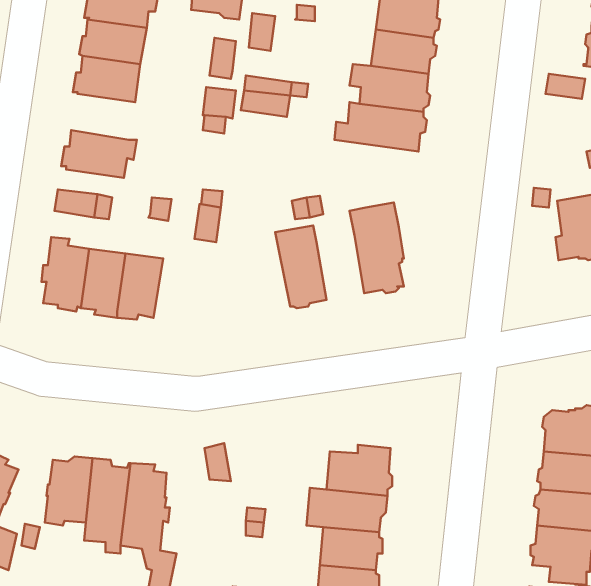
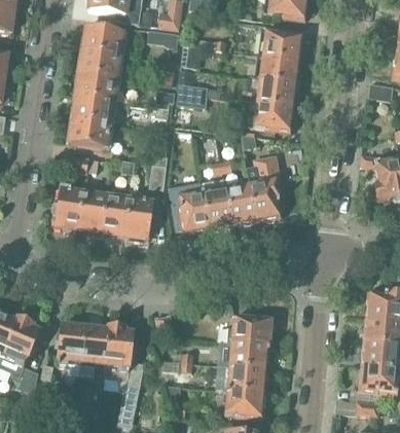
building: none -> [69,96,111,124]
building: none -> [168,182,208,232]
building: none -> [224,184,254,224]
building: none -> [122,199,152,241]

